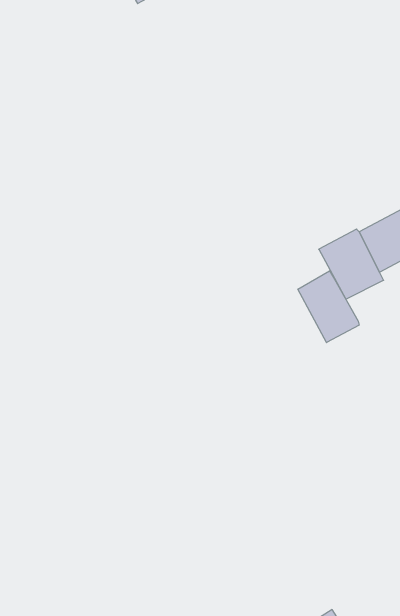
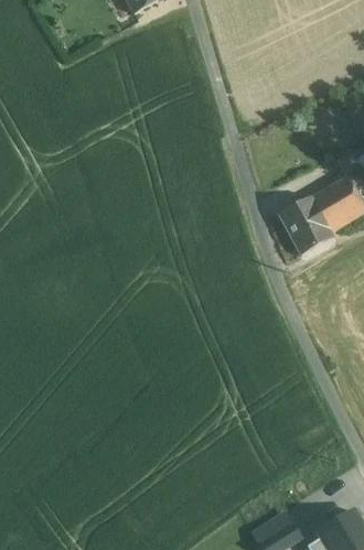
building: [298,271,359,343] -> none

